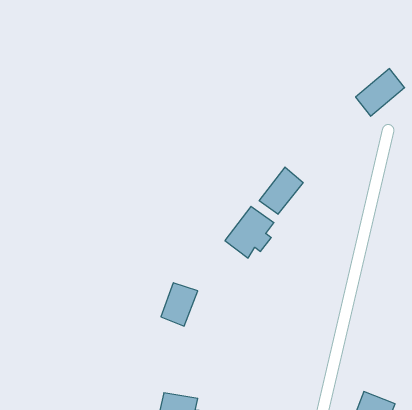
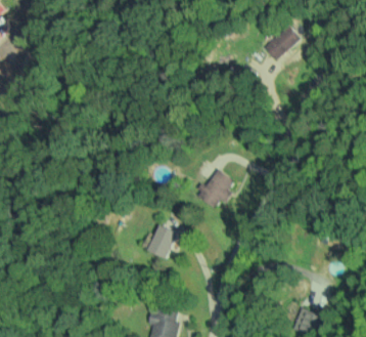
building: [356,69,405,116] -> [262,25,299,60]
building: [259,167,303,214] -> none

